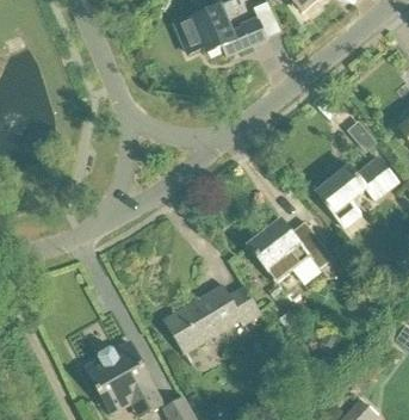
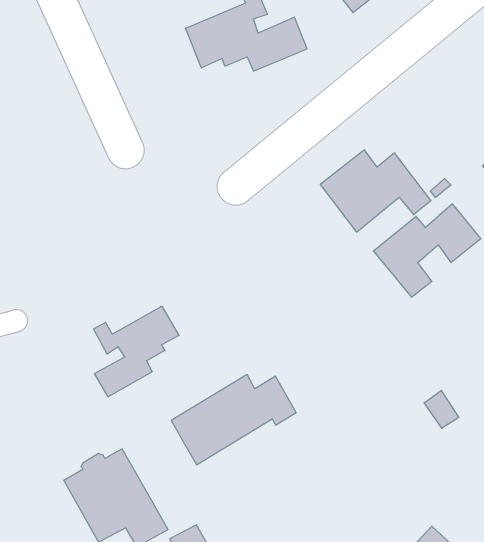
building: [247,217,330,279] -> [320,150,431,232]
building: none -> [93,306,179,397]

